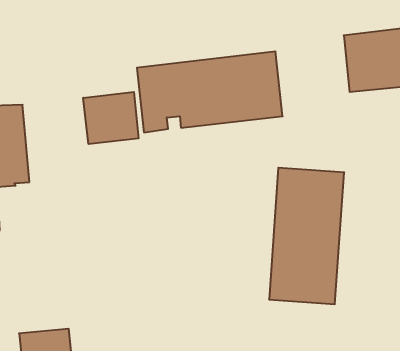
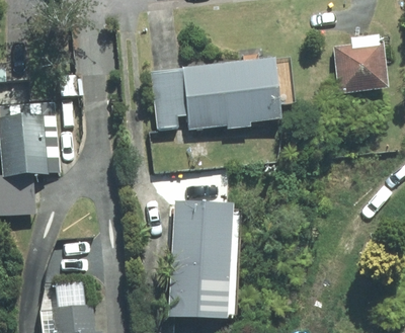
building: [83,92,138,144] -> none
building: [269,168,344,304] -> [165,197,231,317]

